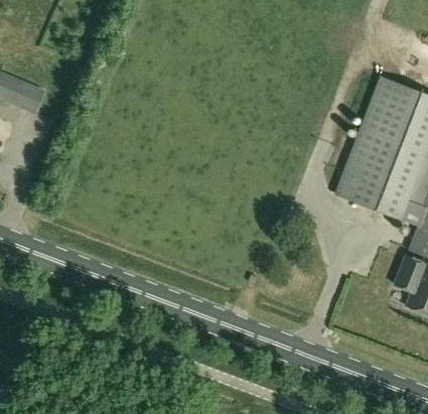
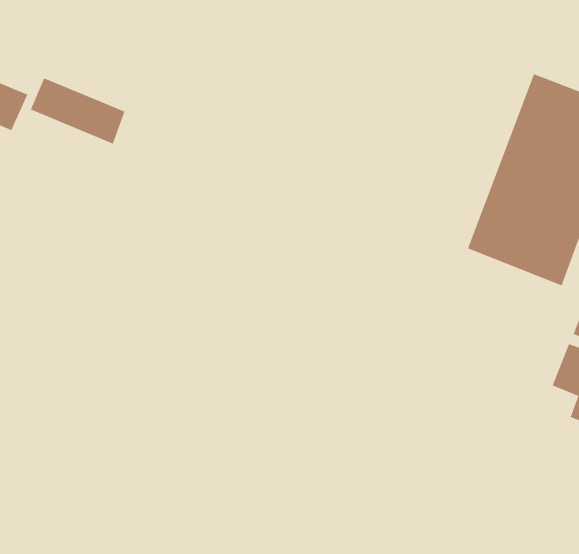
building: none -> [30,78,125,145]

